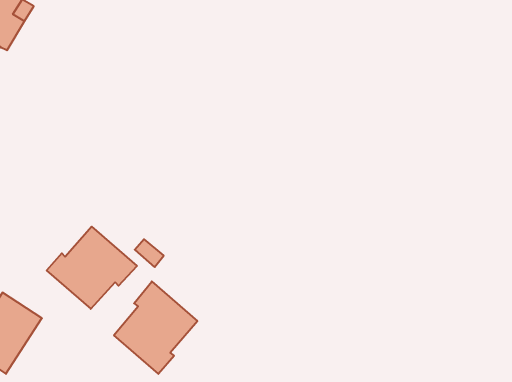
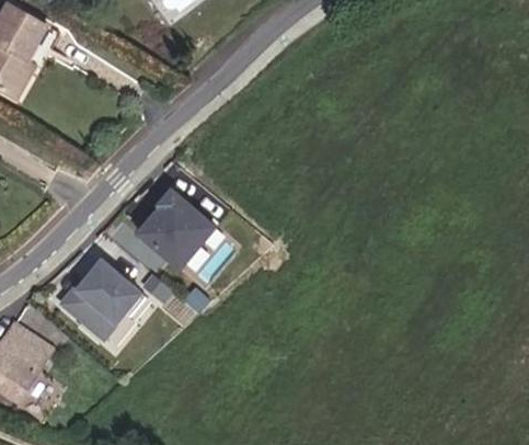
building: none -> [135,187,219,272]
building: [114,281,197,374] -> none

